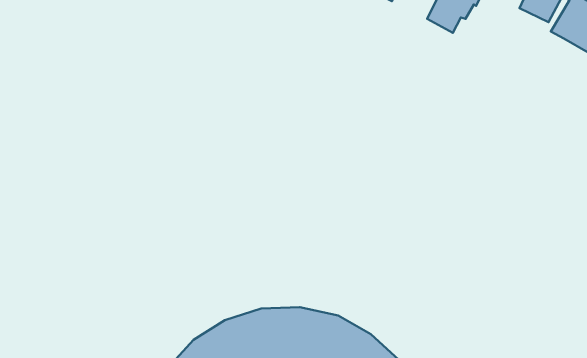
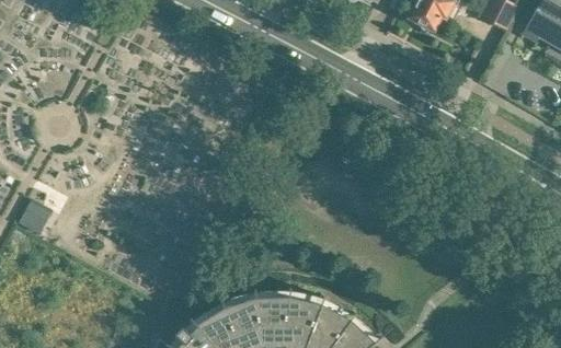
building: none -> [19,201,53,234]

